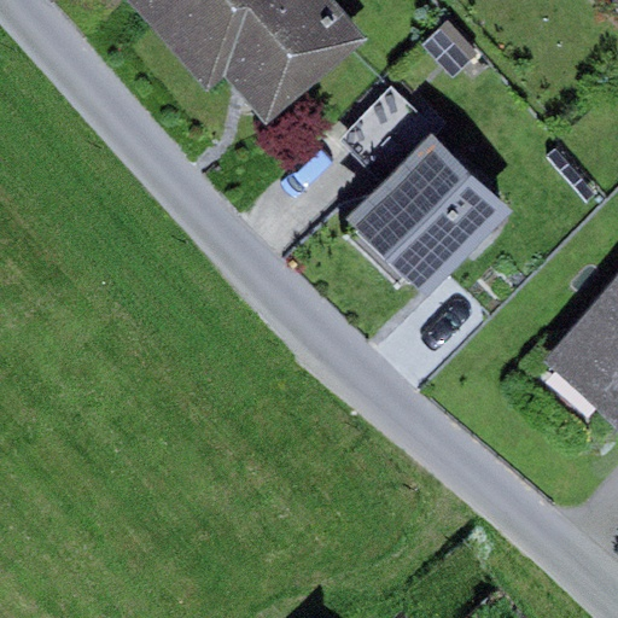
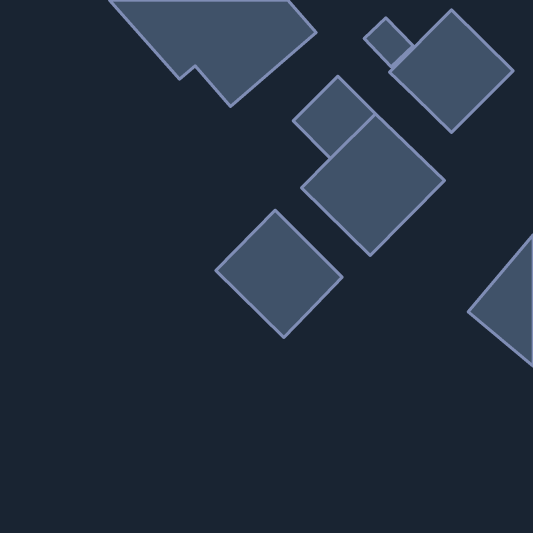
building: none -> [390,10,513,132]
building: none -> [216,210,342,338]

